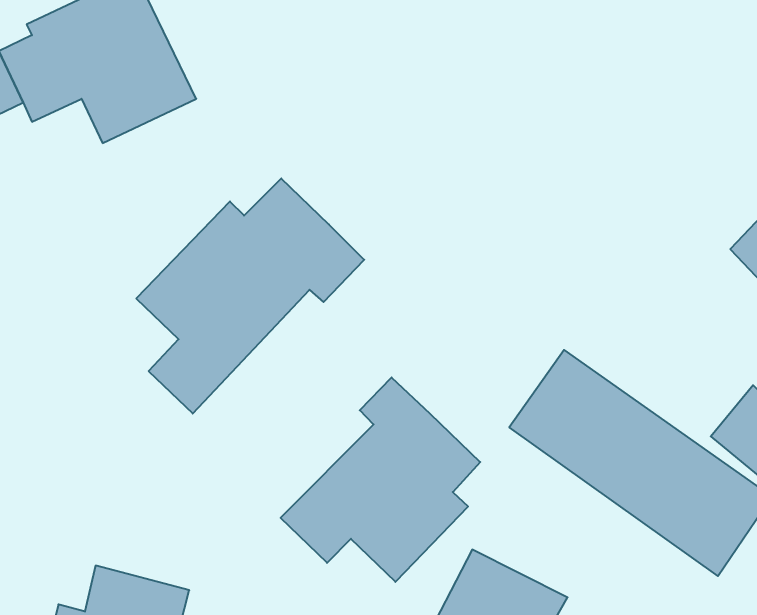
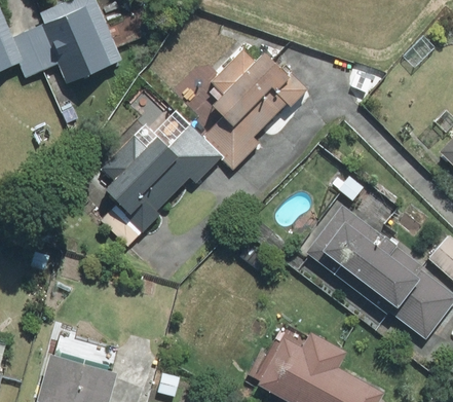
building: none -> [202,44,307,167]
building: [281,377,480,582] -> none

